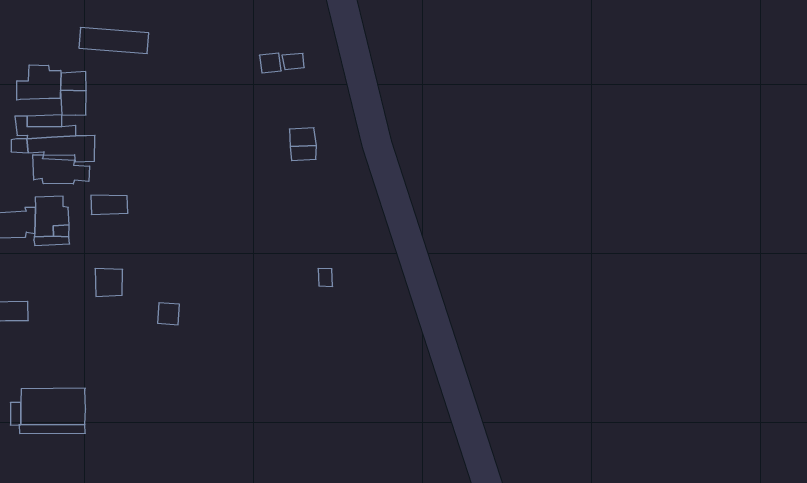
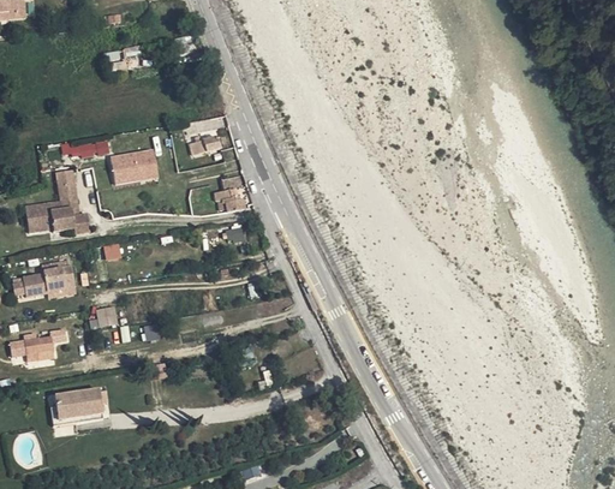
building: none -> [109,148,160,185]
building: [17,65,61,100] -> none
building: [33,155,90,184] -> none

